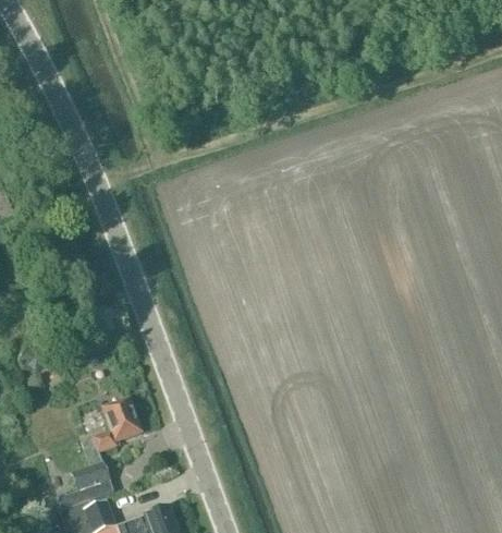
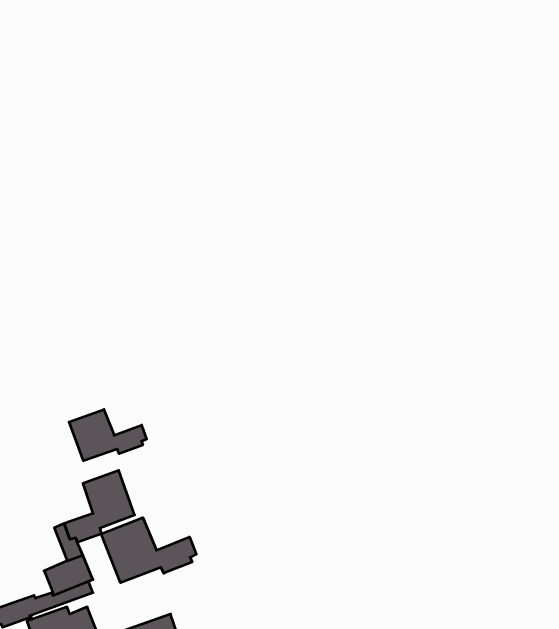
building: none -> [69,409,147,461]
building: none -> [101,518,196,583]

